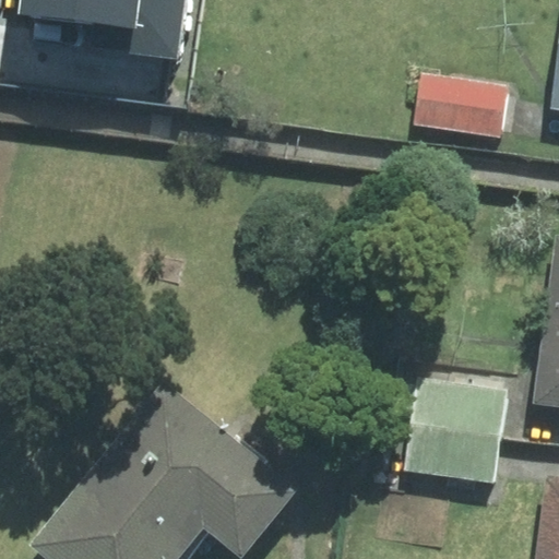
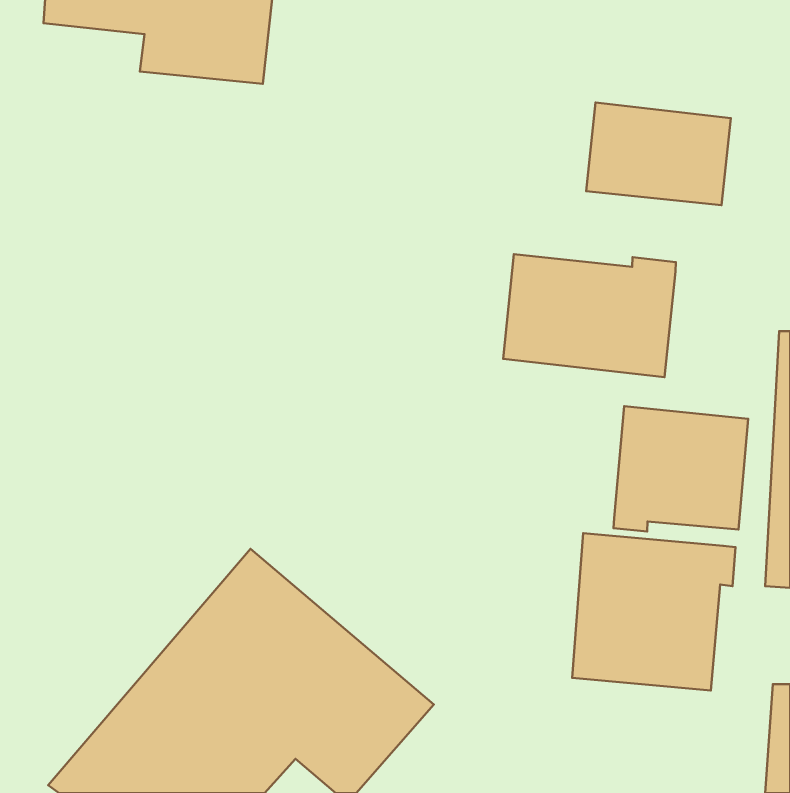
building: none -> [503,254,676,377]
building: none -> [614,406,748,531]

